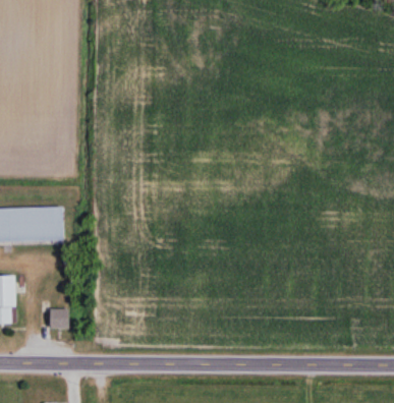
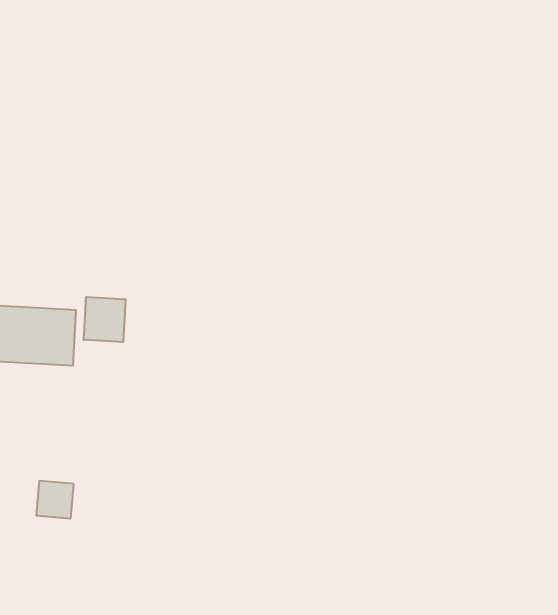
building: none -> [84,297,125,342]

